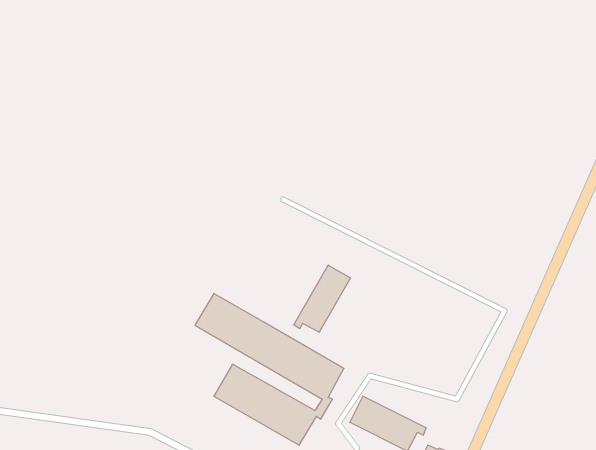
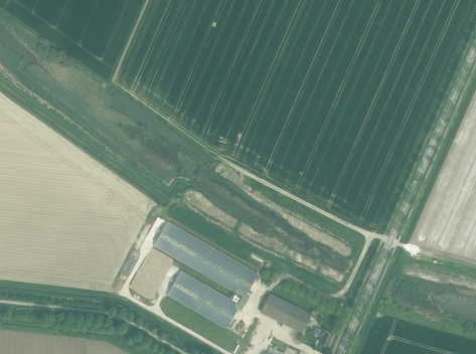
building: [294,265,350,332] -> none

